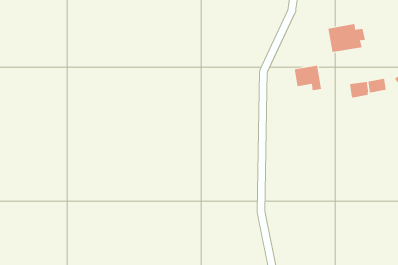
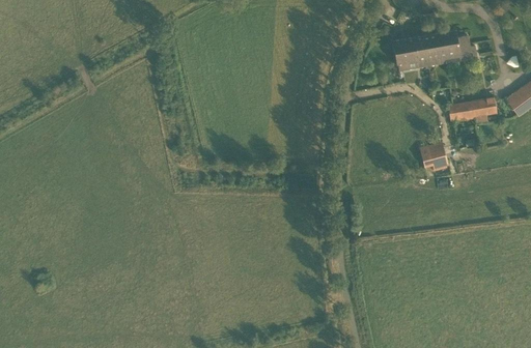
building: [294,65,322,91] -> [392,36,427,68]
building: none -> [427,142,448,171]

